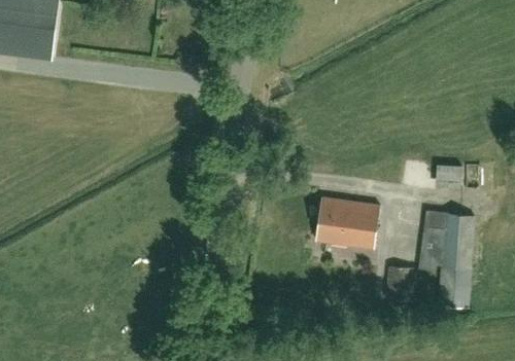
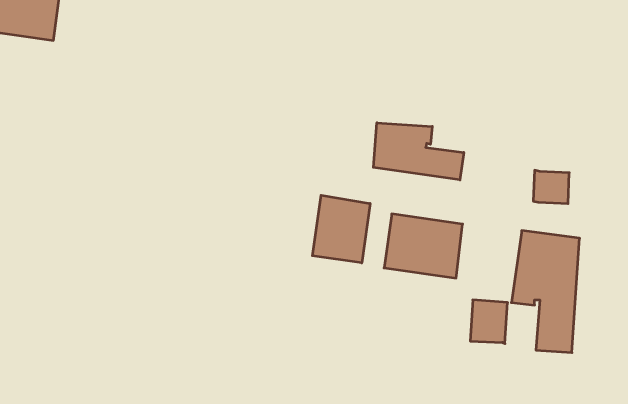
building: none -> [373,123,464,180]
building: none -> [312,195,370,263]

